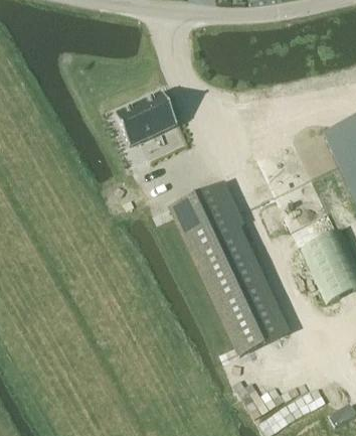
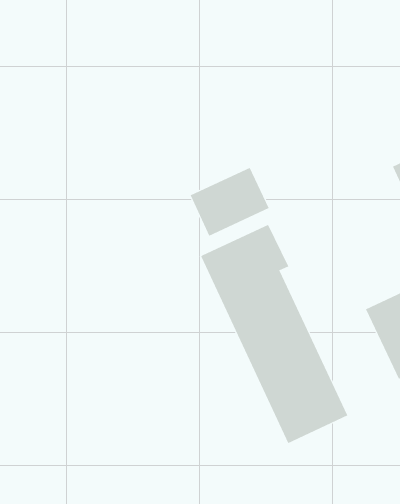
building: [117,89,179,143] -> [190,167,269,236]

